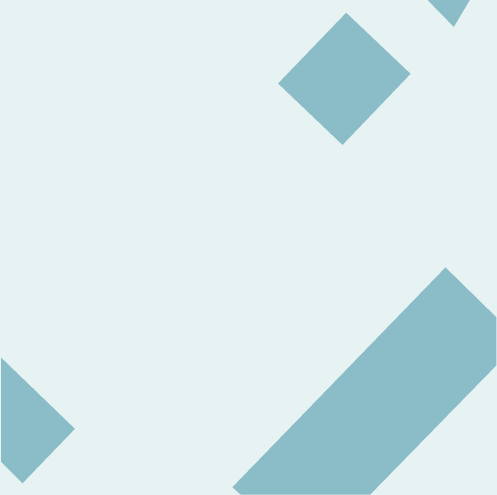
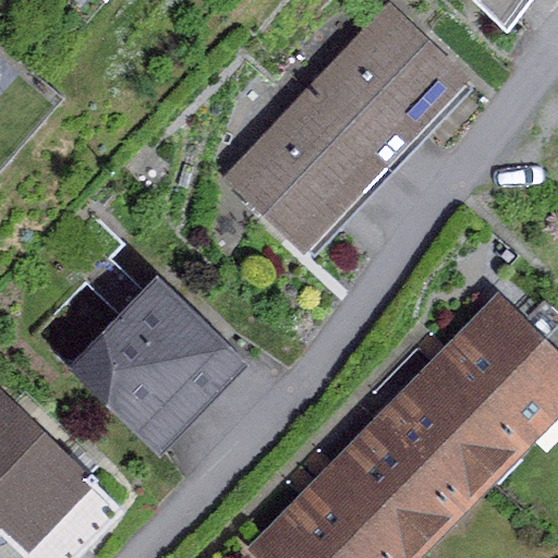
building: none -> [233,94,384,245]
building: none -> [86,291,233,439]

